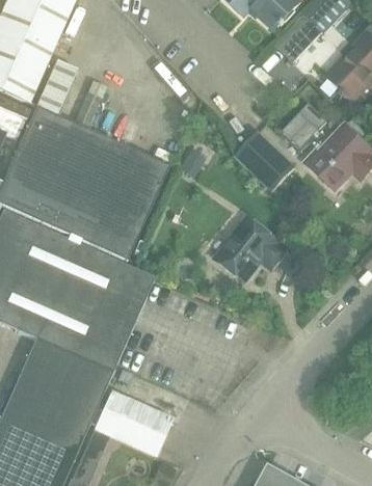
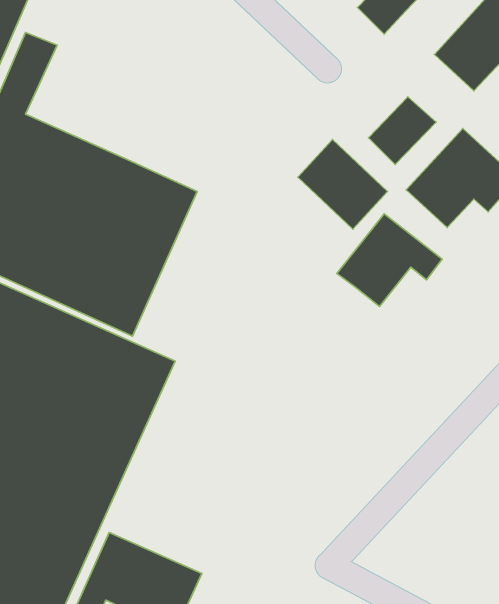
building: [216,219,286,280] -> [337,214,442,306]

